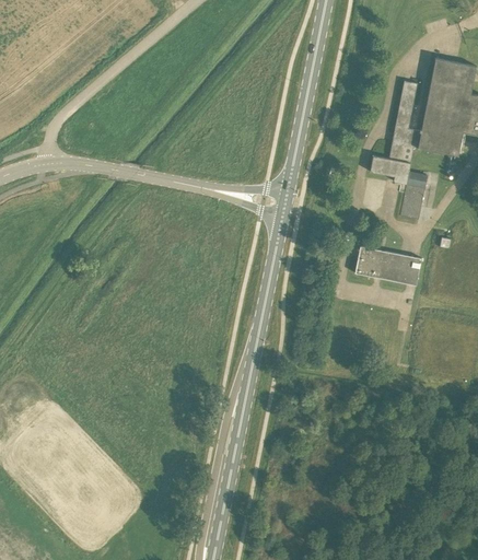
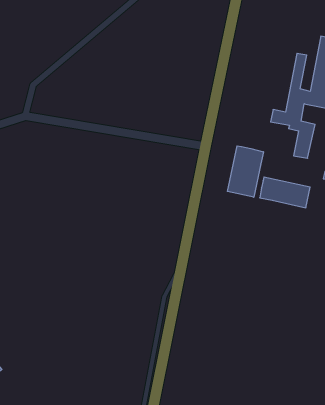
building: none -> [227,146,263,197]

